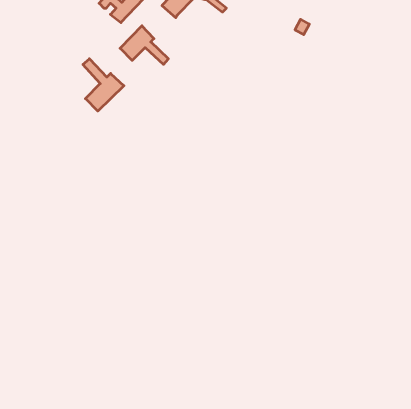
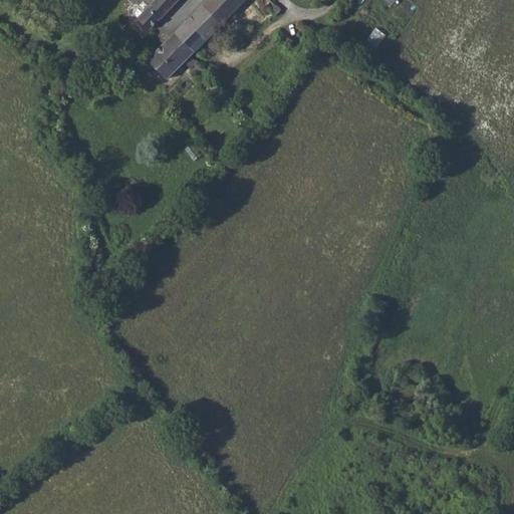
building: none -> [177,7,242,48]
building: [83,59,124,111] -> none

